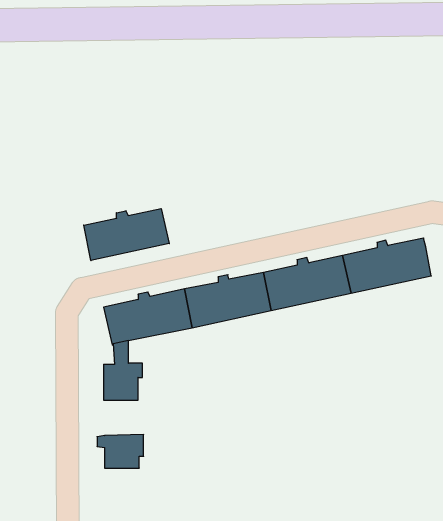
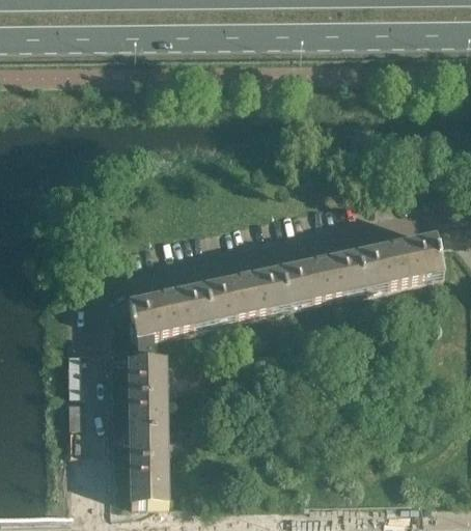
building: [84,209,169,261] -> none
building: none -> [129,388,167,422]
building: none -> [130,453,168,499]

